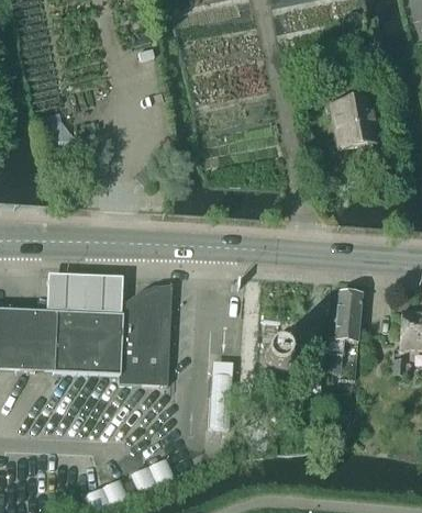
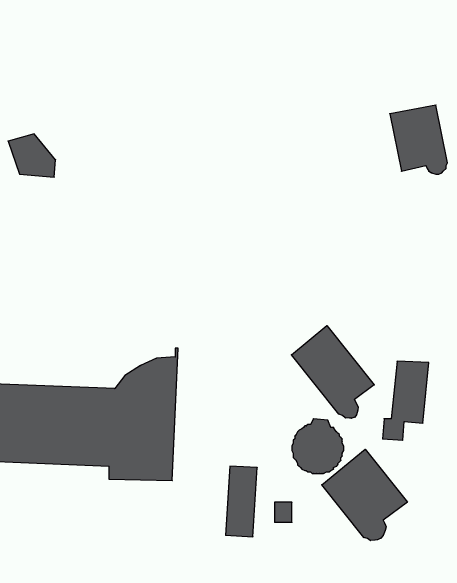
building: none -> [291,326,374,418]
building: [46,271,124,310] -> none
building: none -> [322,449,407,541]

